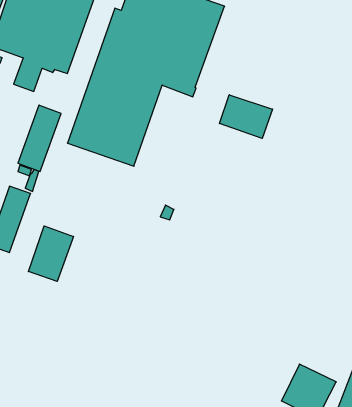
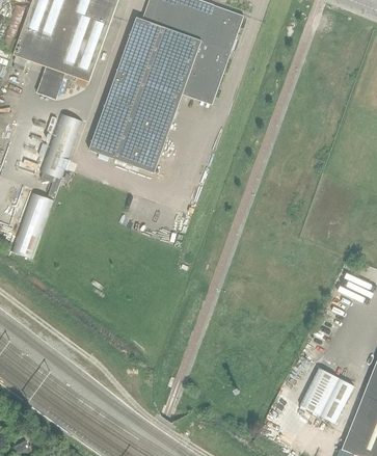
building: [220,95,273,138] -> none
building: [28,226,73,281] -> none

